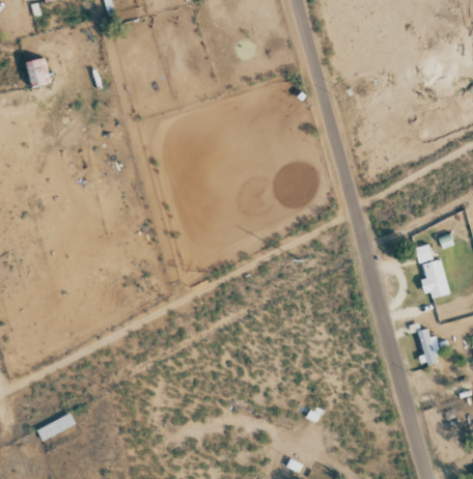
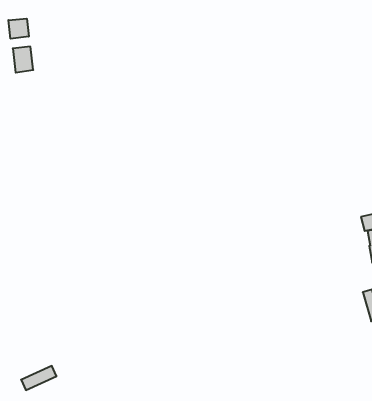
building: none -> [8,19,29,39]

